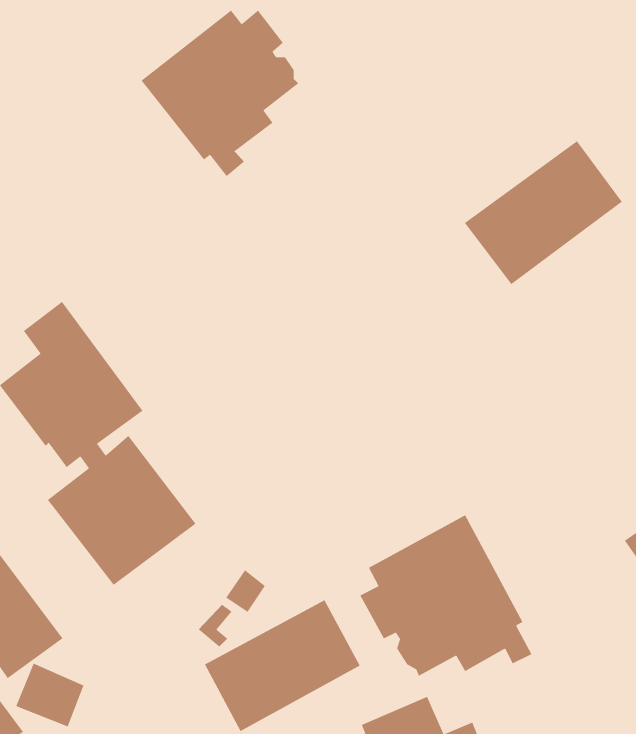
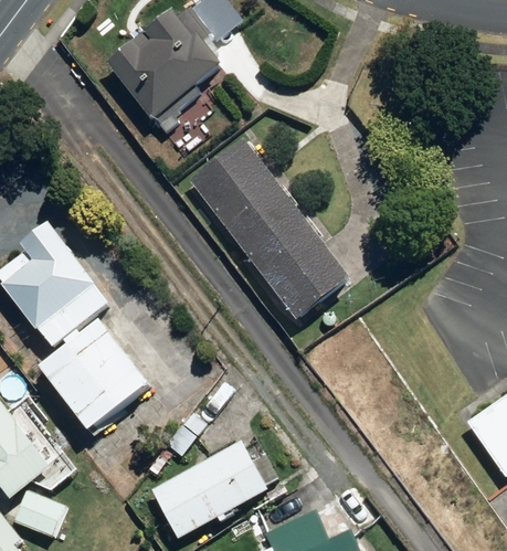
building: [464,140,623,285] -> none
building: none -> [190,139,349,320]
building: [359,514,533,677] -> none

